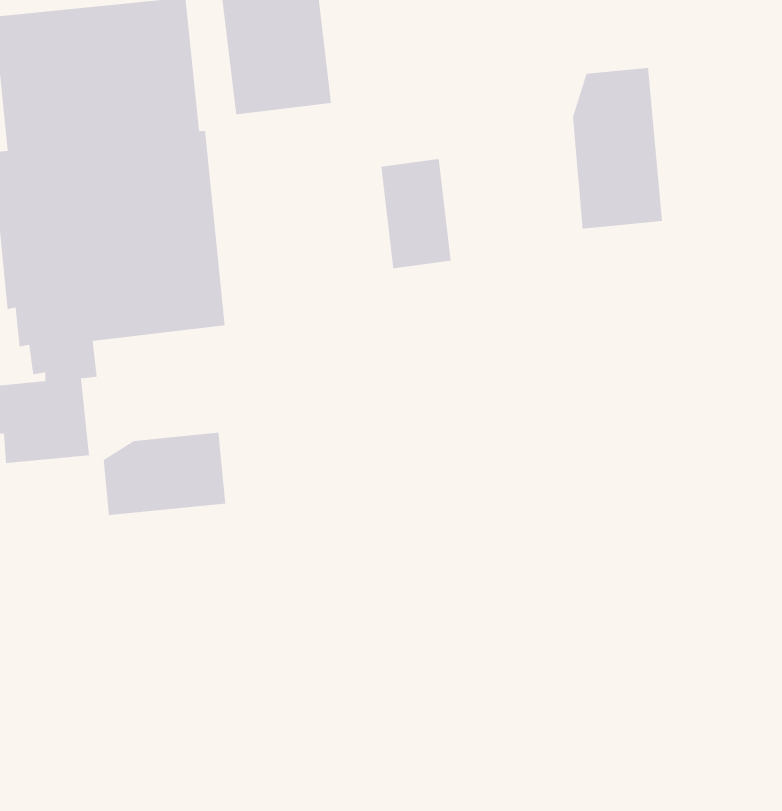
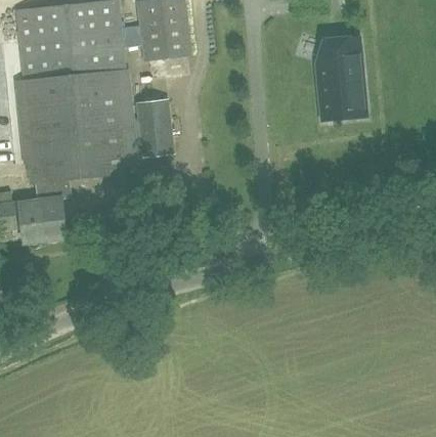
building: [381,159,451,269] -> [136,98,173,156]
building: [103,432,226,516] -> none

